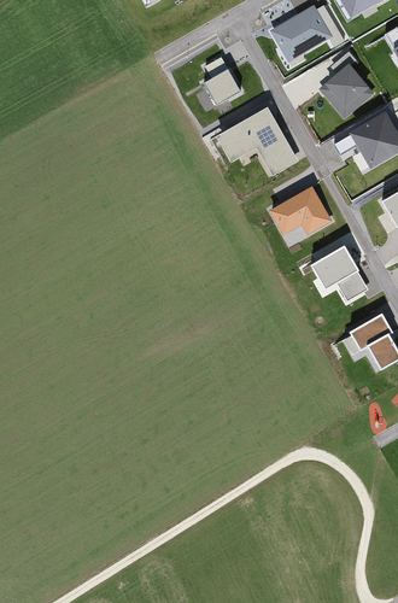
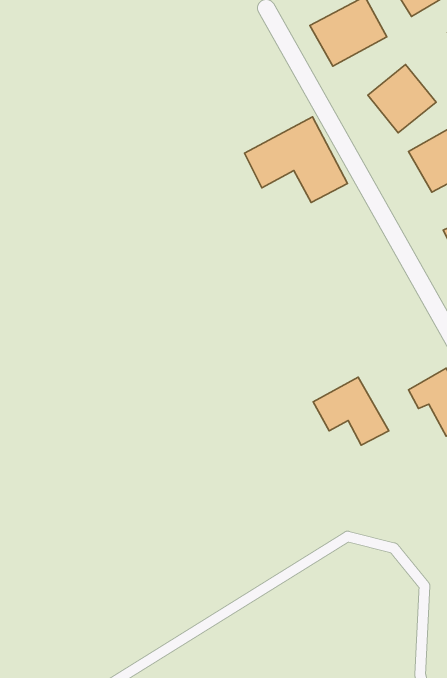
building: [201,53,240,104] -> none
building: [268,183,334,235] -> none
building: [306,246,369,303] -> [313,377,389,445]

